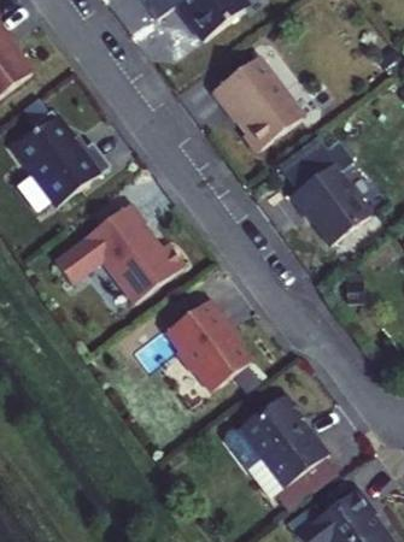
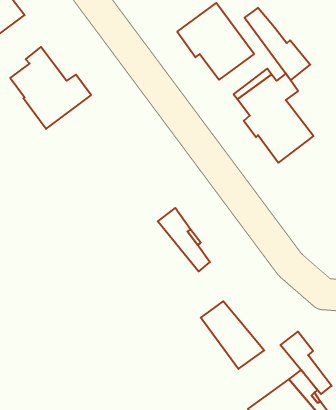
building: none -> [245,8,310,80]
building: [54,201,183,301] -> none
building: [165,313,236,391] -> none
building: [265,391,326,465] -> [280,332,332,394]

